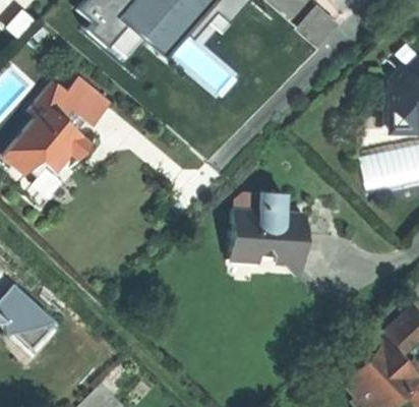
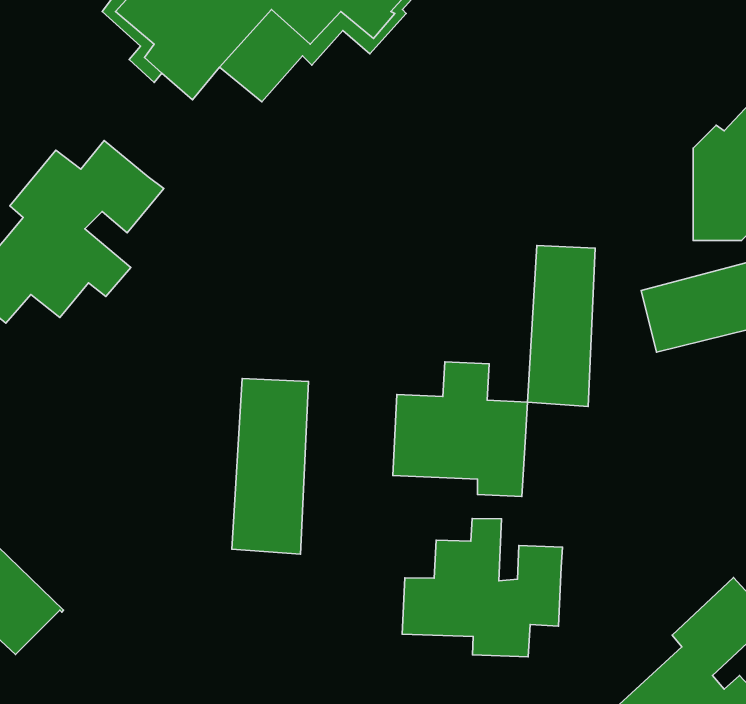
building: none -> [528,245,595,407]
building: none -> [232,378,308,554]
building: none -> [402,519,563,657]

